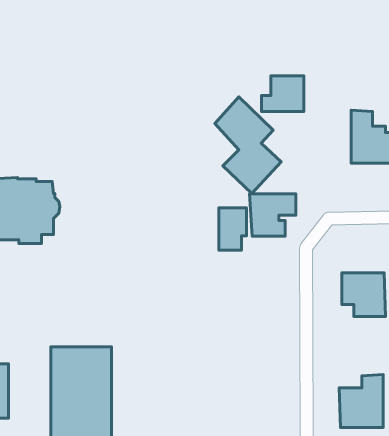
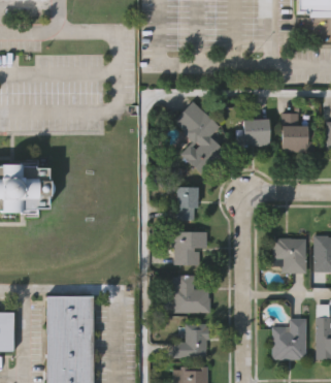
building: [262,76,304,111] -> [236,121,269,149]
building: [250,194,296,236] -> [172,231,208,264]
building: none -> [172,276,211,313]
building: none -> [171,323,210,359]

